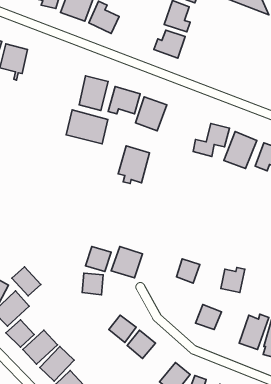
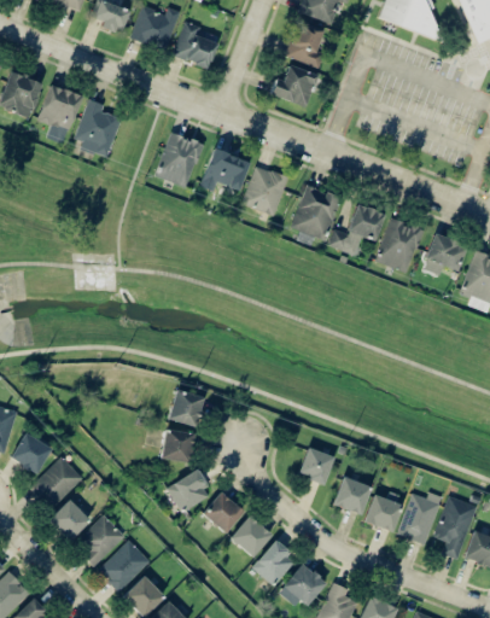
building: none -> [76,98,122,157]
building: [66,110,108,144] -> none
building: [118,146,150,184] -> [293,185,340,241]
building: [111,246,142,278] -> none
building: [176,259,200,283] -> [299,447,334,483]
building: [12,267,41,296] -> none
building: [221,267,245,292] -> [366,491,402,529]
building: none -> [168,470,212,511]
building: none -> [253,540,297,584]

